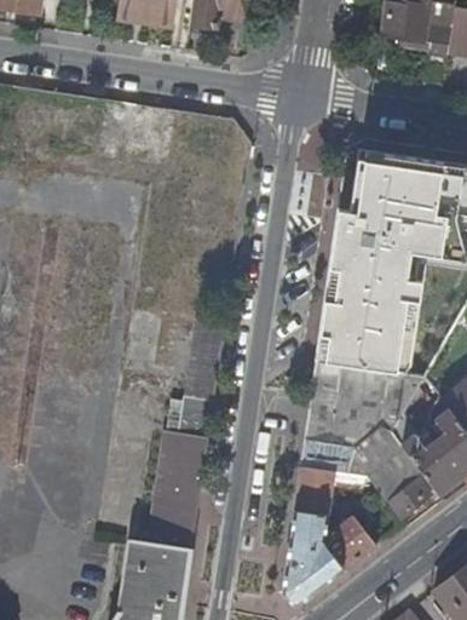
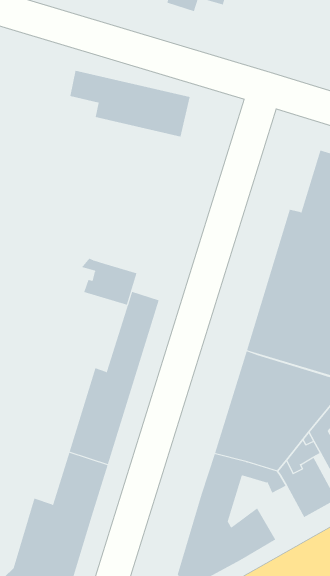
building: none -> [81,258,137,306]

